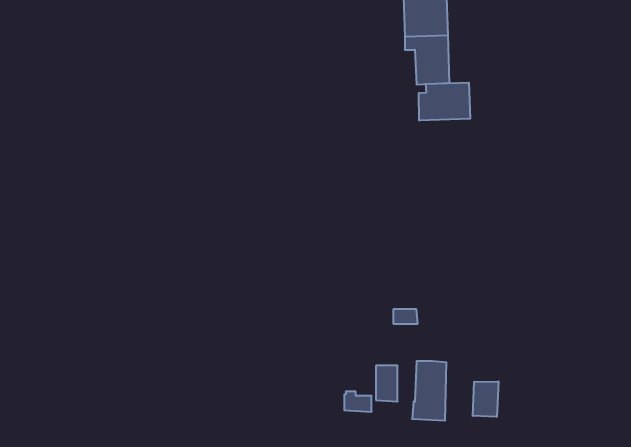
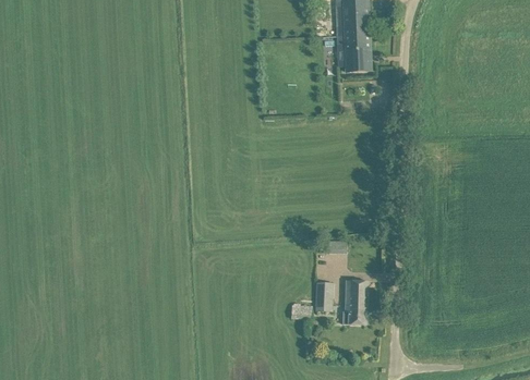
building: [419,83,470,121] -> none
building: [473,381,498,417] -> none

